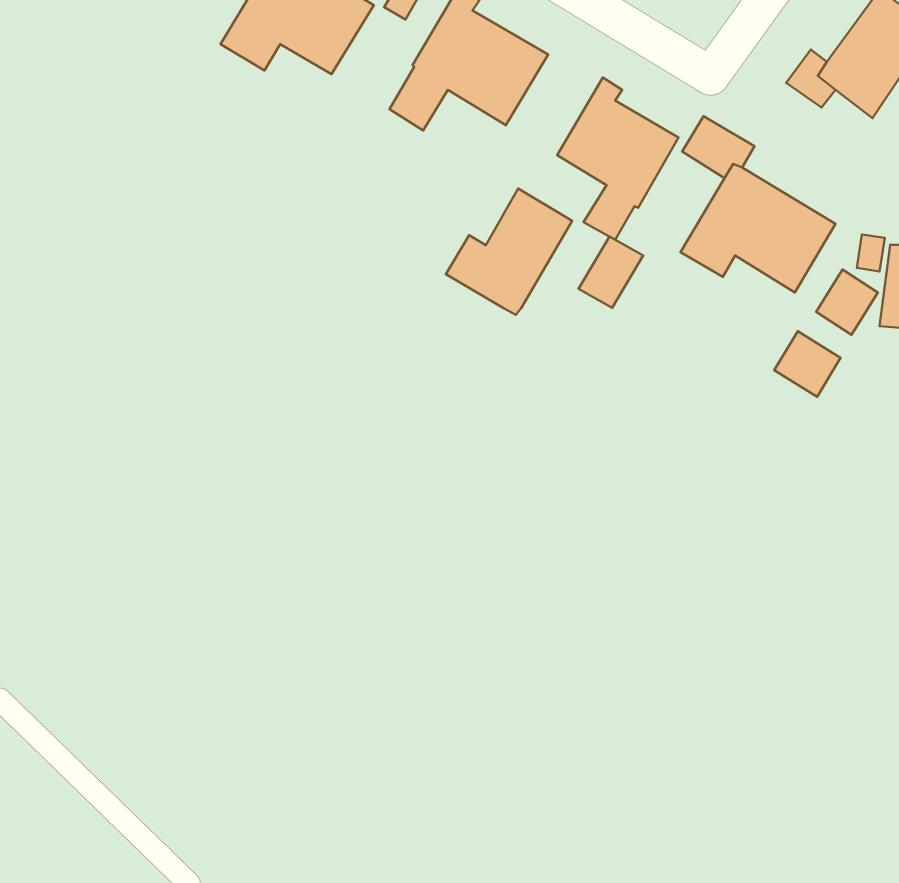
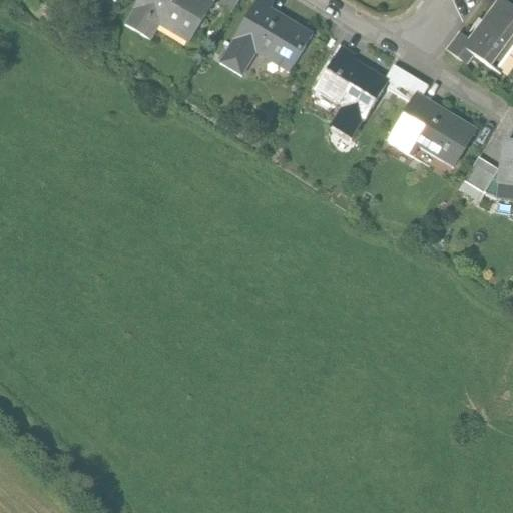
building: [446,188,572,315] -> none
building: [579,237,643,308] -> none
building: [774,331,841,397] -> none

